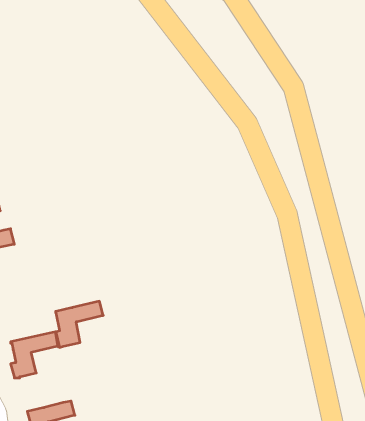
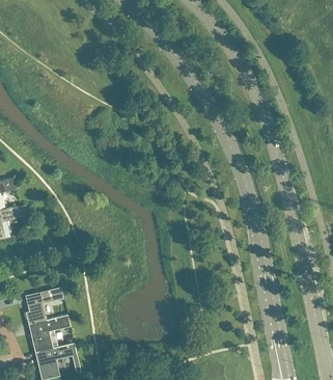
building: [56,301,103,347] -> [32,315,71,352]

